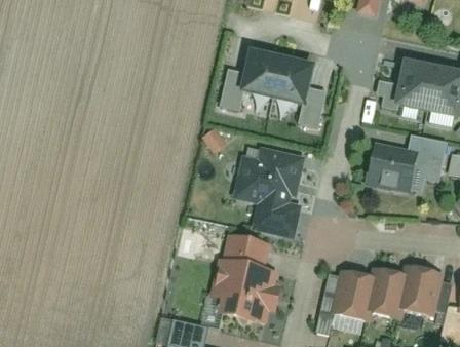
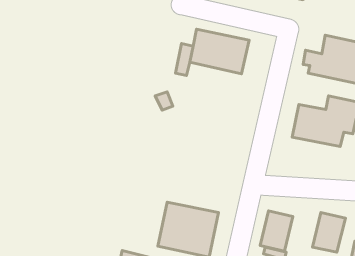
building: [302,83,331,126] -> none
building: [234,145,308,233] -> none
building: [220,236,268,269] -> none
building: [360,272,400,321] -> none

